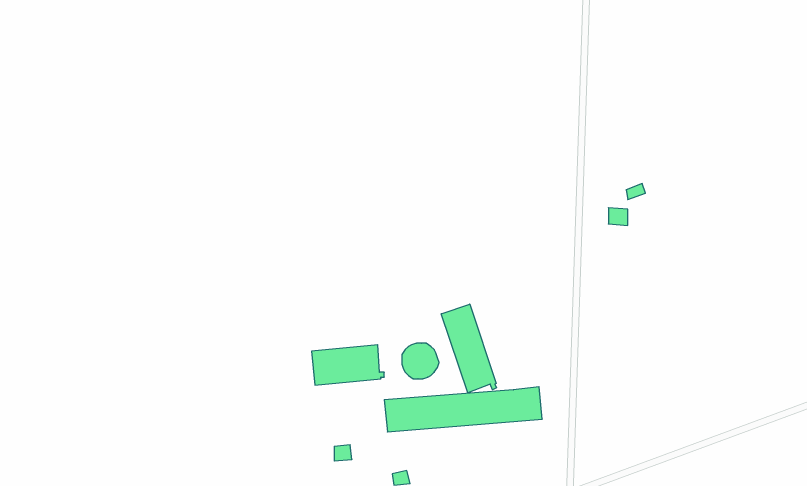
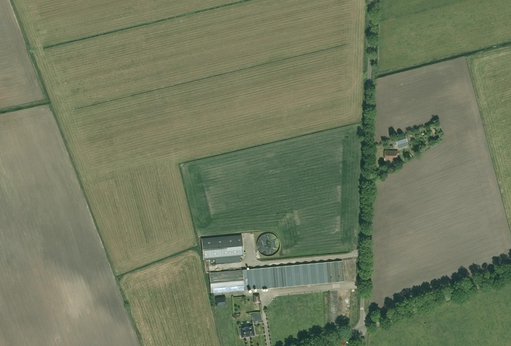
building: [441,304,496,393] -> none
building: none -> [209,270,244,293]

